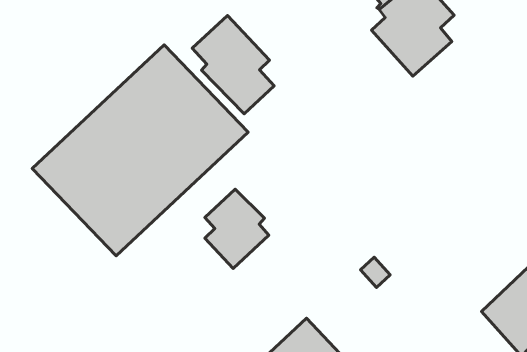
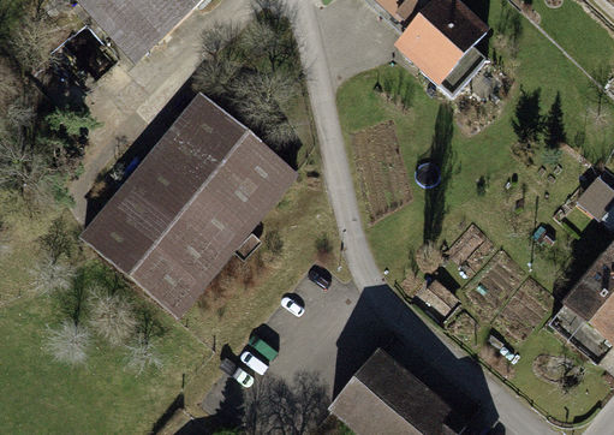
building: [192,16,274,114] -> none
building: [205,189,269,268] -> none

